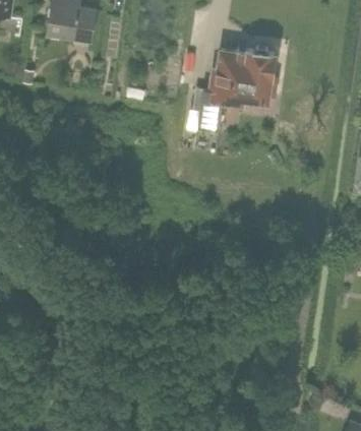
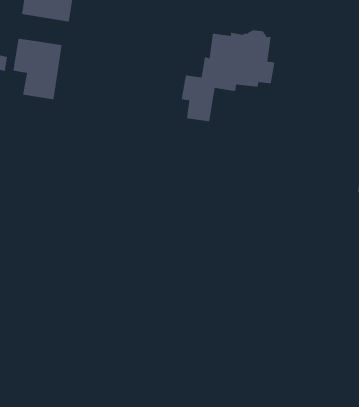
building: none -> [13,38,62,100]

